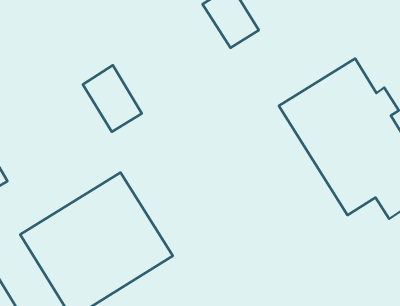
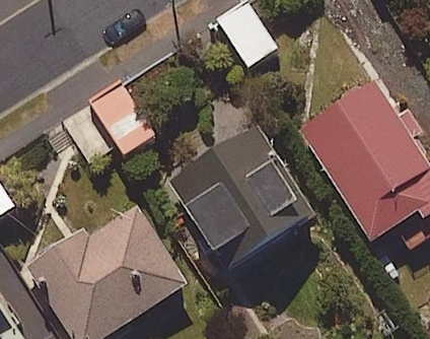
building: none -> [167,126,309,270]

